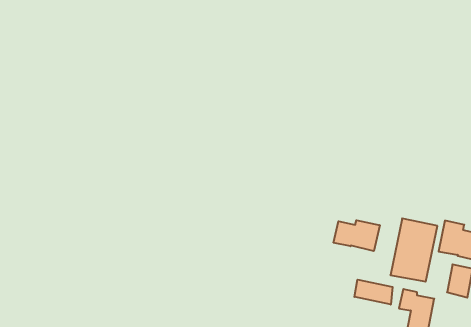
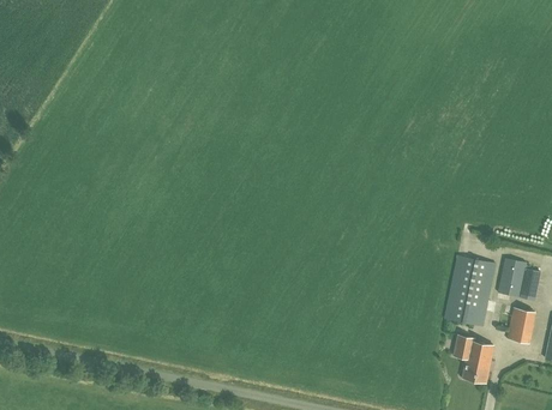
building: [334,220,380,251] -> none
building: [354,280,393,305] -> none

